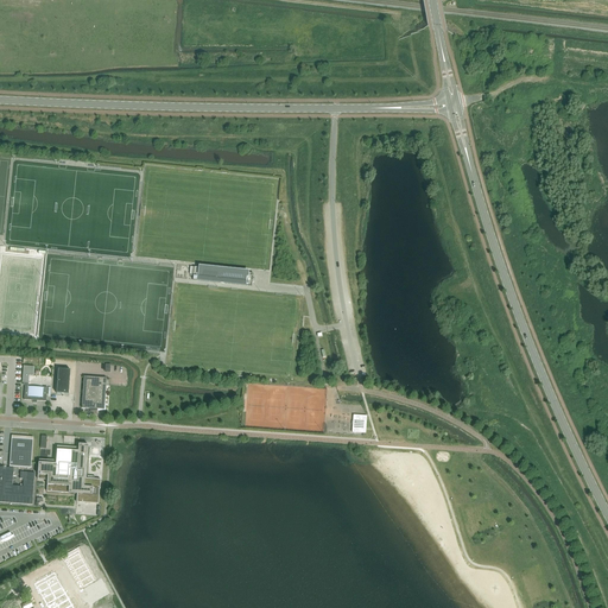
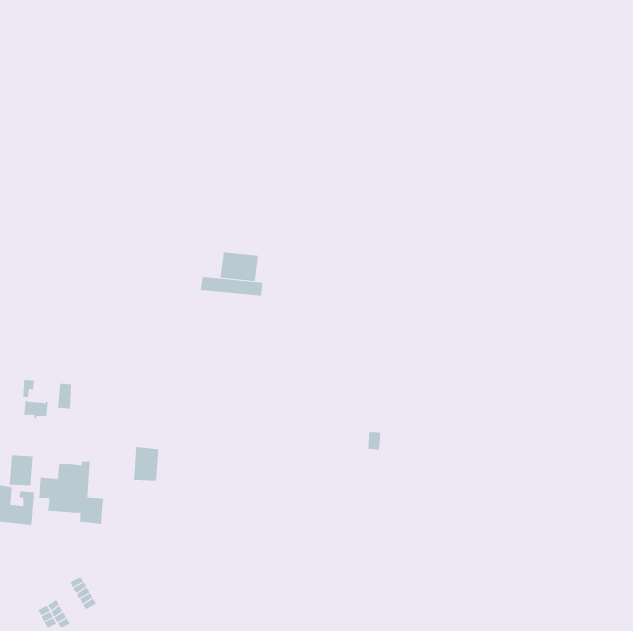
building: none -> [220,252,258,282]
building: [81,374,106,407] -> [133,447,159,481]

